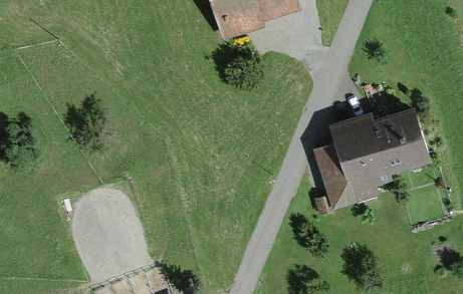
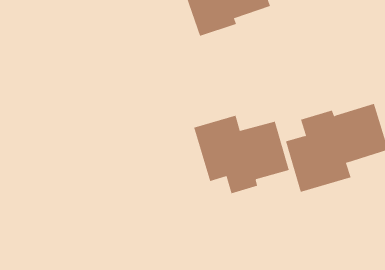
building: none -> [194,115,289,194]

